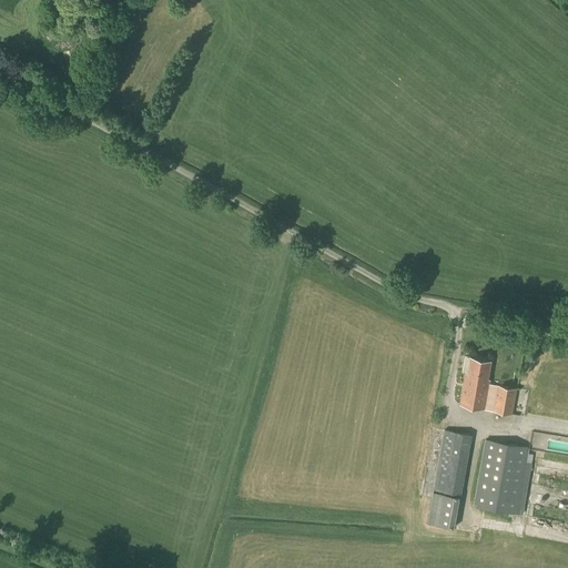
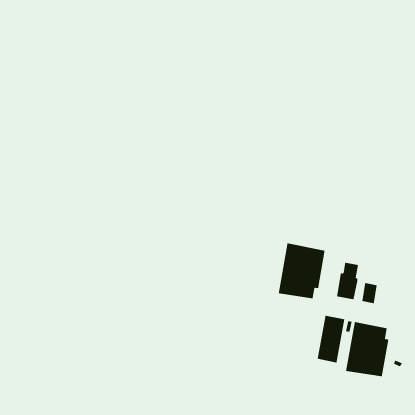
building: none -> [278,242,325,299]
building: [427,494,459,531] -> none

